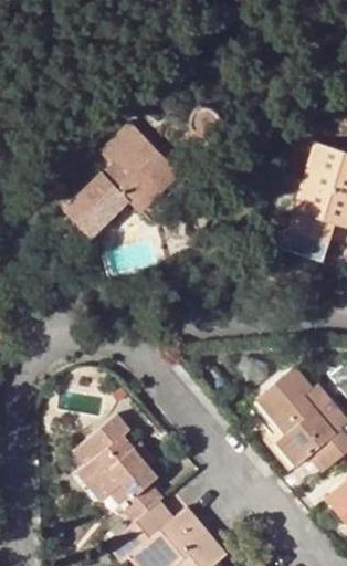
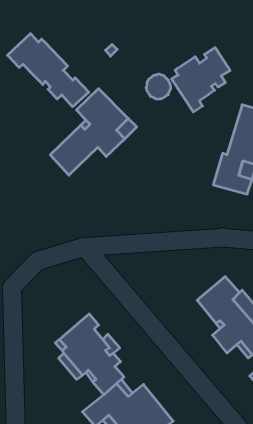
building: none -> [7,34,89,107]
building: none -> [172,48,230,112]

